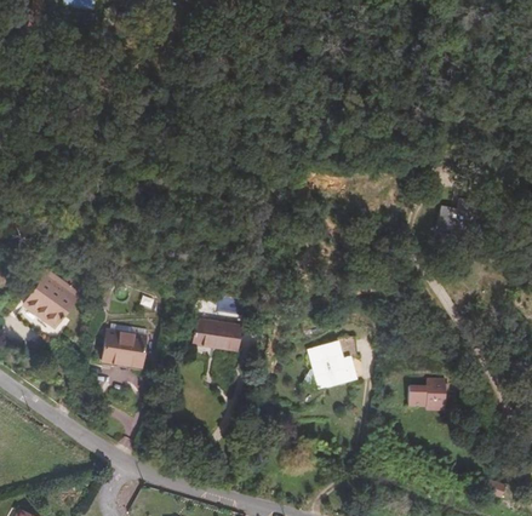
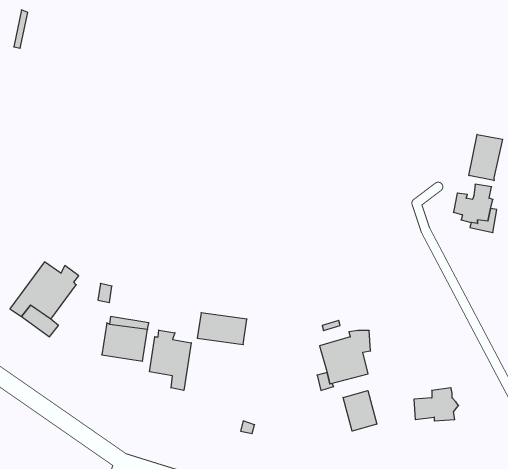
building: none -> [469,134,502,181]
building: none -> [150,330,191,390]
building: none -> [343,391,377,431]

